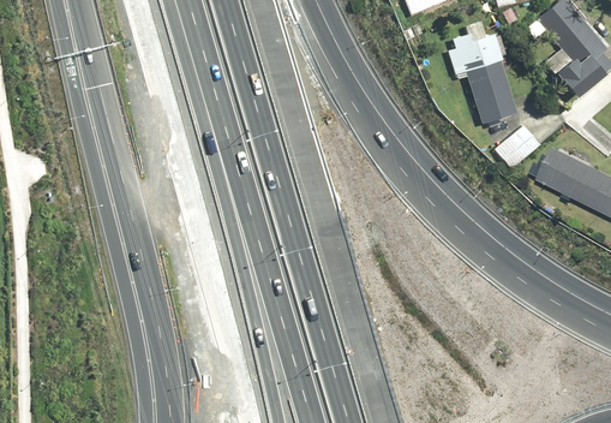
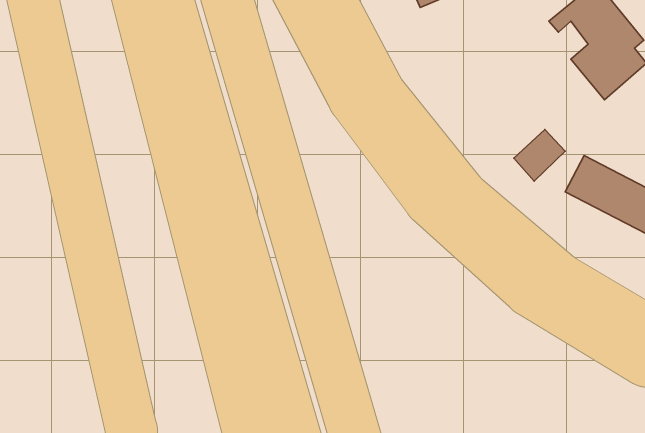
building: [443,28,517,125] -> none

